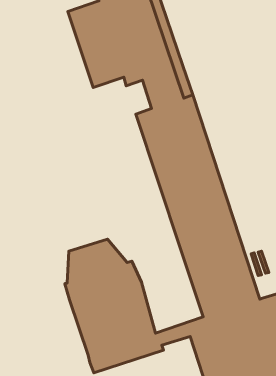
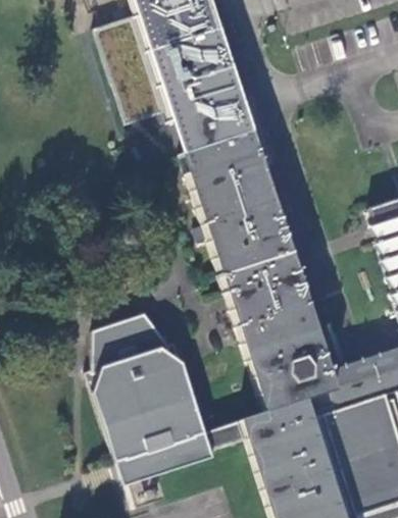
building: none -> [172,116,204,159]

